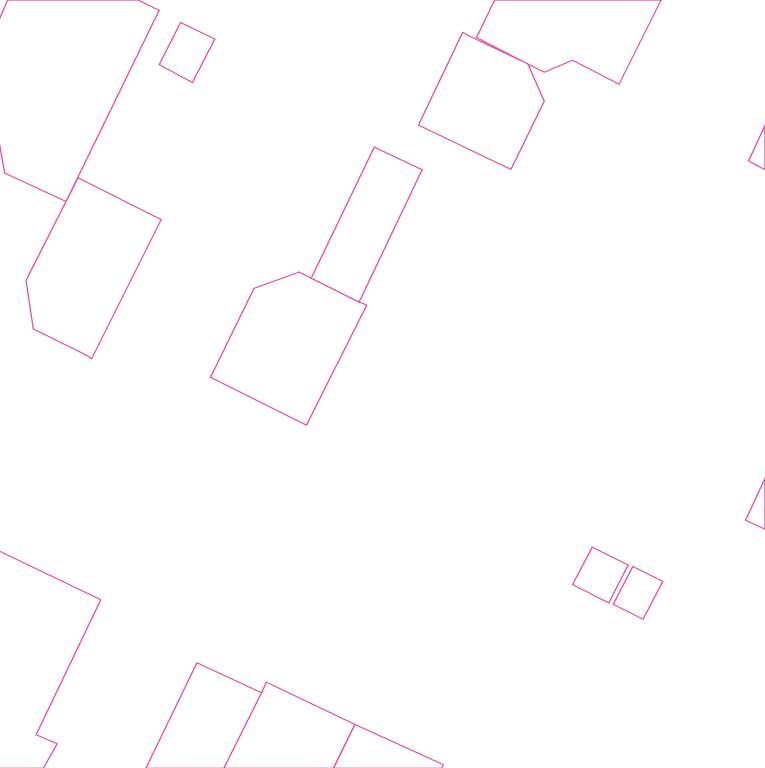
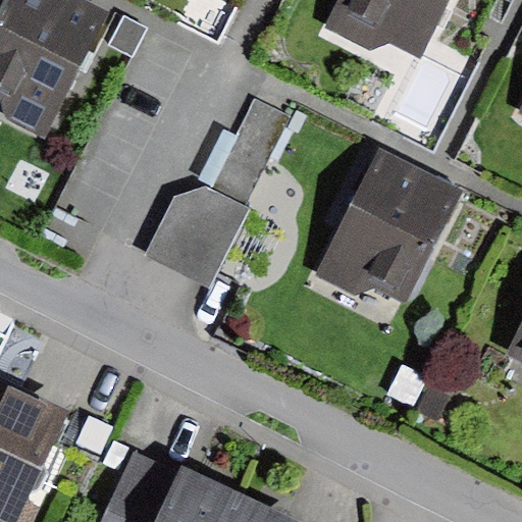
building: [419,32,544,169] -> none
building: [26,178,161,359] -> none
building: none -> [315,146,463,302]

